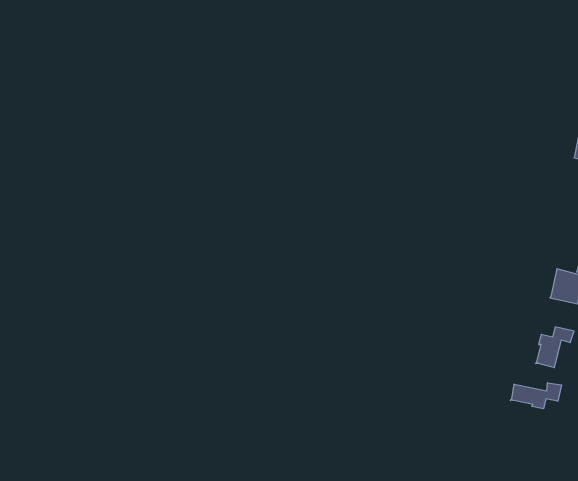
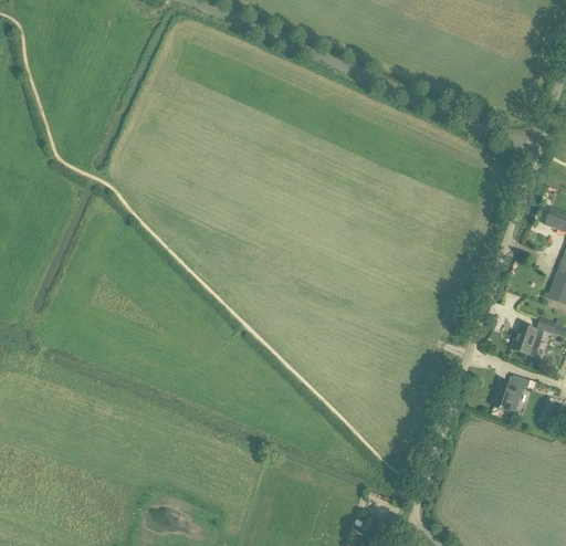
building: [510,383,562,409] -> none

